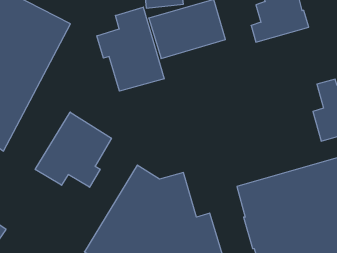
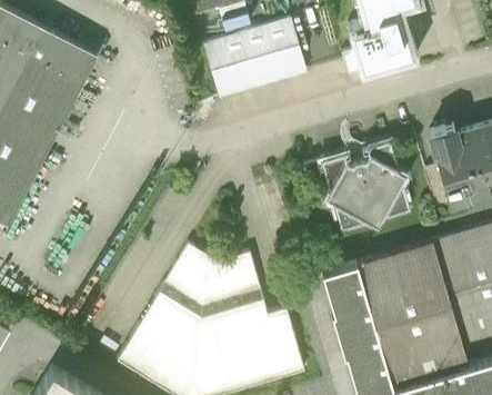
building: [97,7,164,91] -> none
building: none -> [321,144,409,233]
building: [35,112,111,187] -> none

